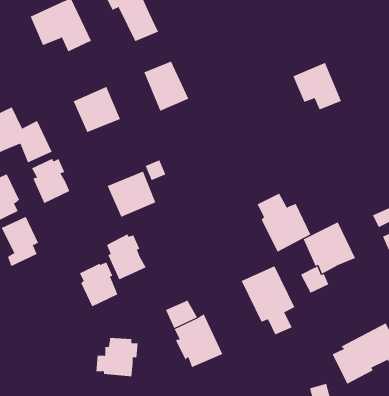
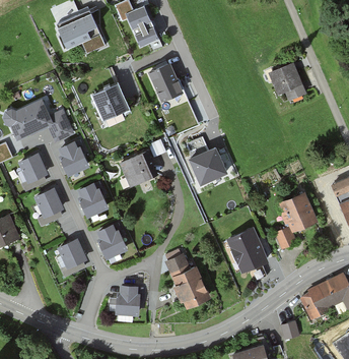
building: [257,193,311,252] -> [184,137,227,185]
building: [106,234,147,280] -> [76,181,109,219]
building: none -> [56,238,86,277]

